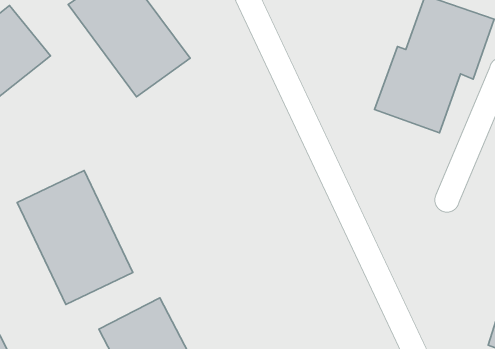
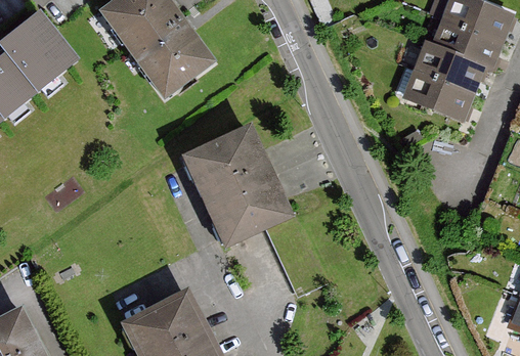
building: none -> [172,129,285,256]
building: [17,170,133,305] -> none

